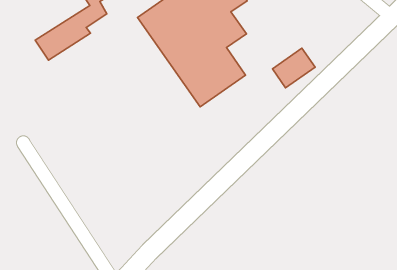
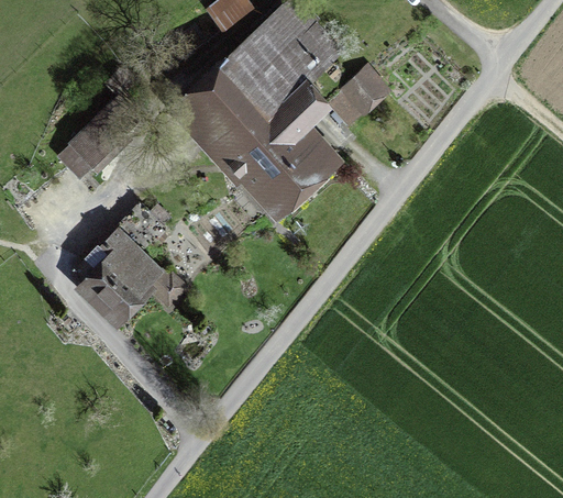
building: [272,48,315,88] -> [329,73,383,125]
building: none -> [79,210,183,320]

